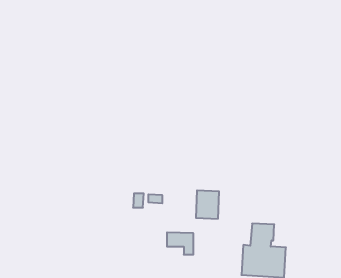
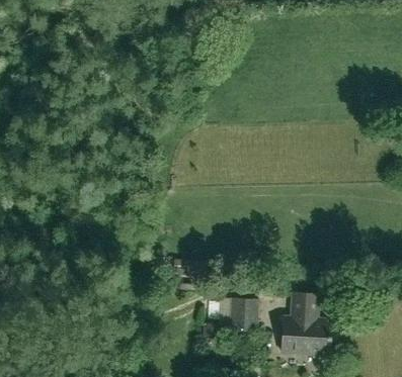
building: [196,190,219,219] -> [232,297,258,329]

